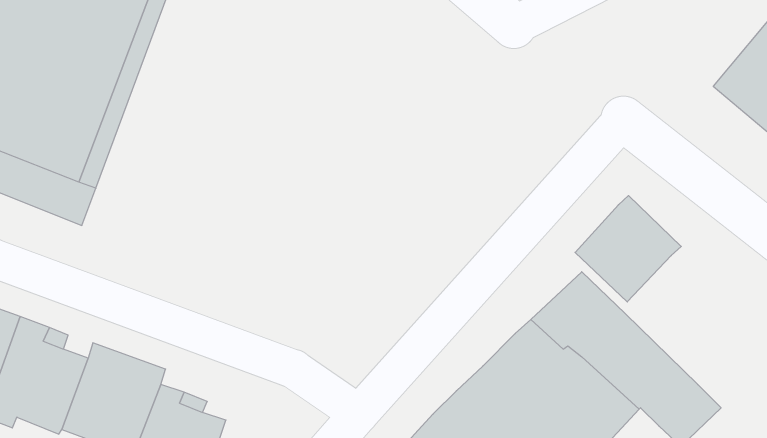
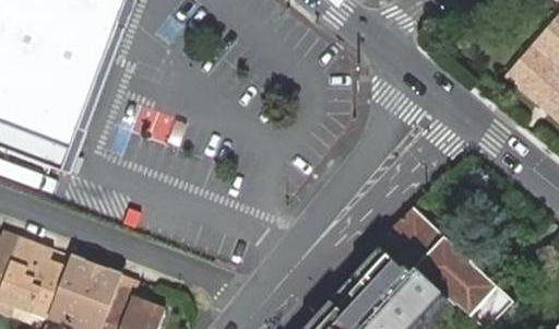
building: [575,196,681,302] -> none

